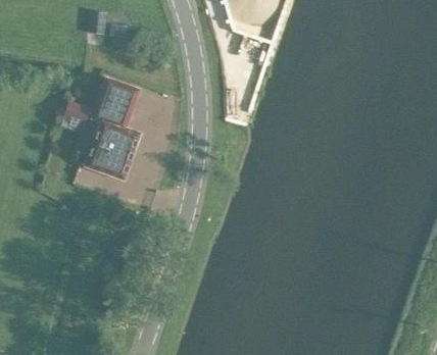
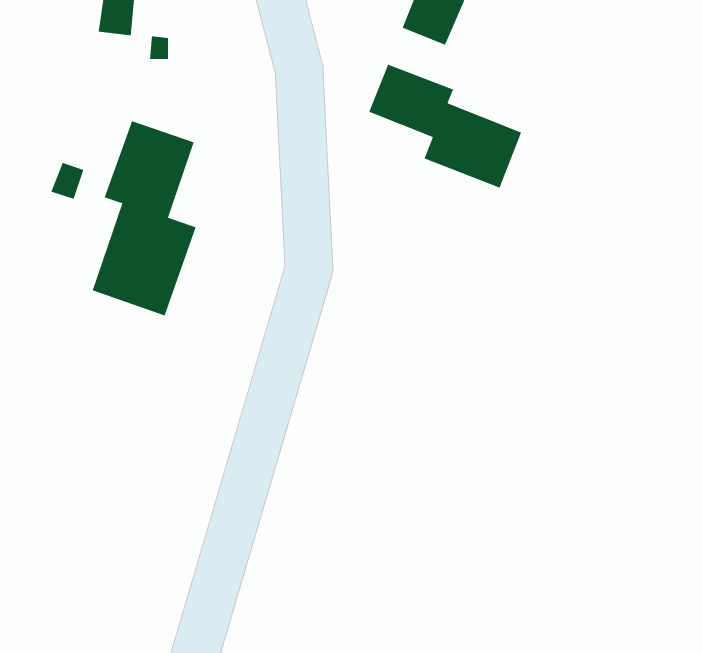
building: none -> [368,64,522,188]

